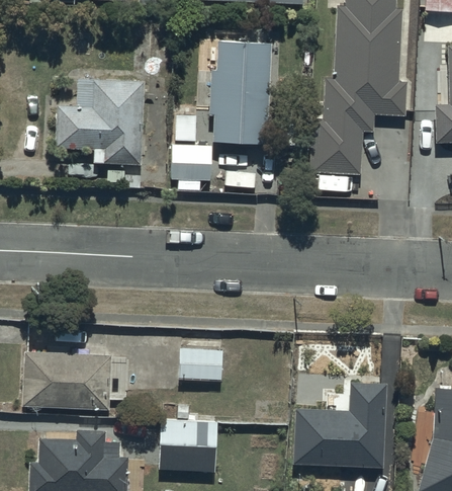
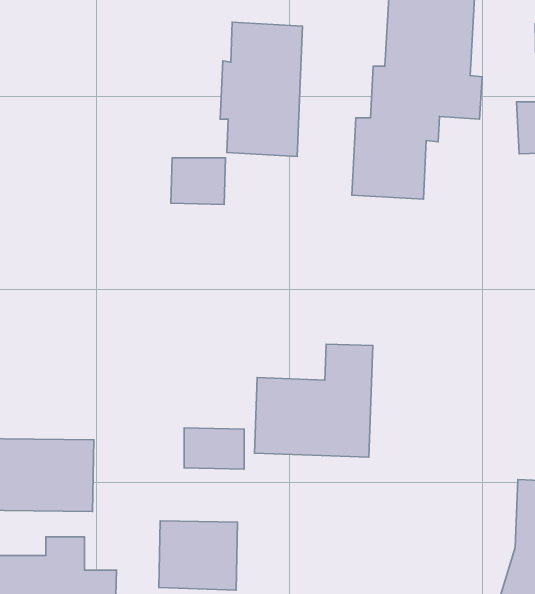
building: [55,75,147,162] -> none
building: [296,383,386,469] -> [255,344,373,457]

